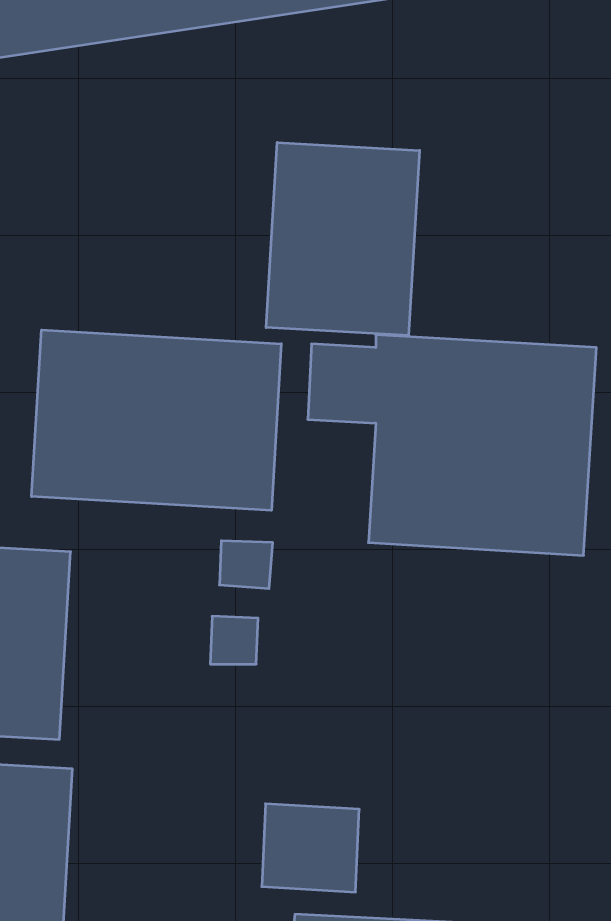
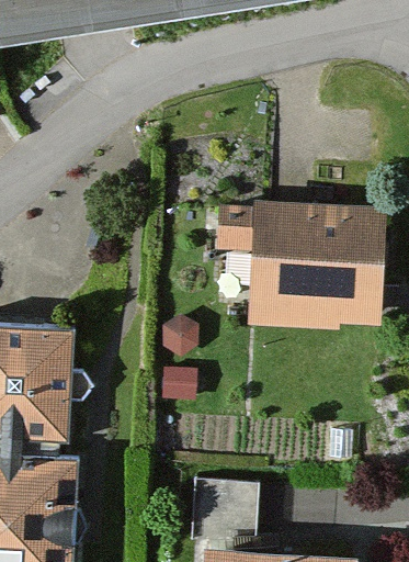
building: [266,142,420,336] -> none
building: [32,330,281,510] -> none

